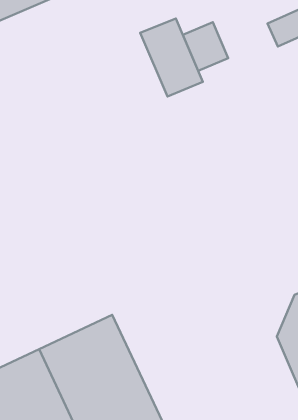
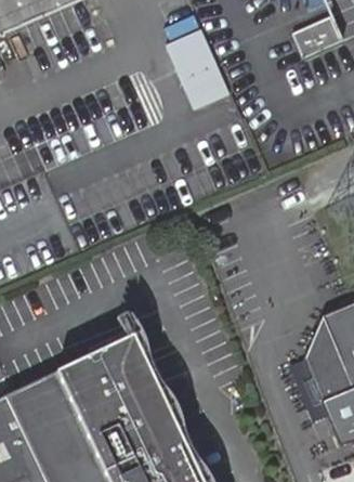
building: [183,22,228,71] -> none

